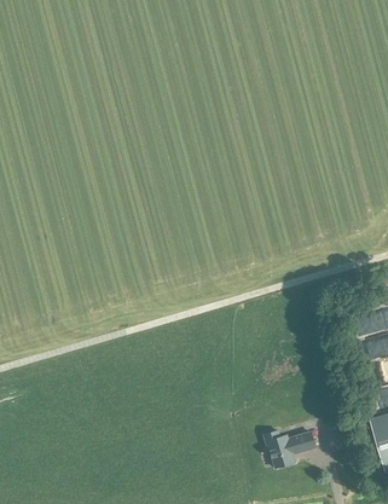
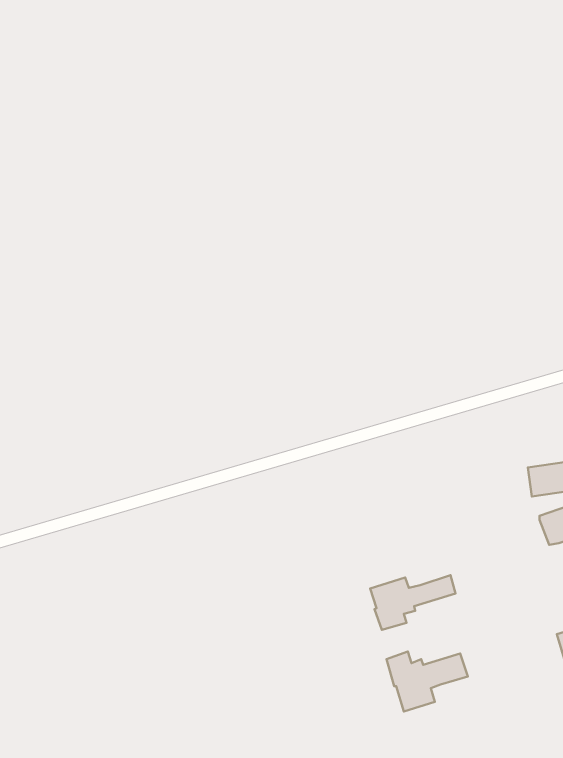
building: none -> [370,575,456,630]

